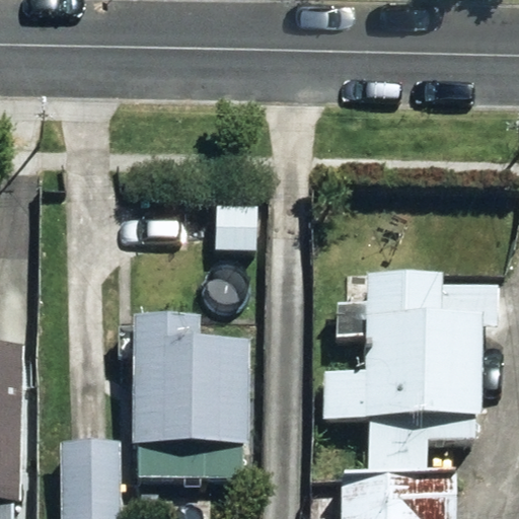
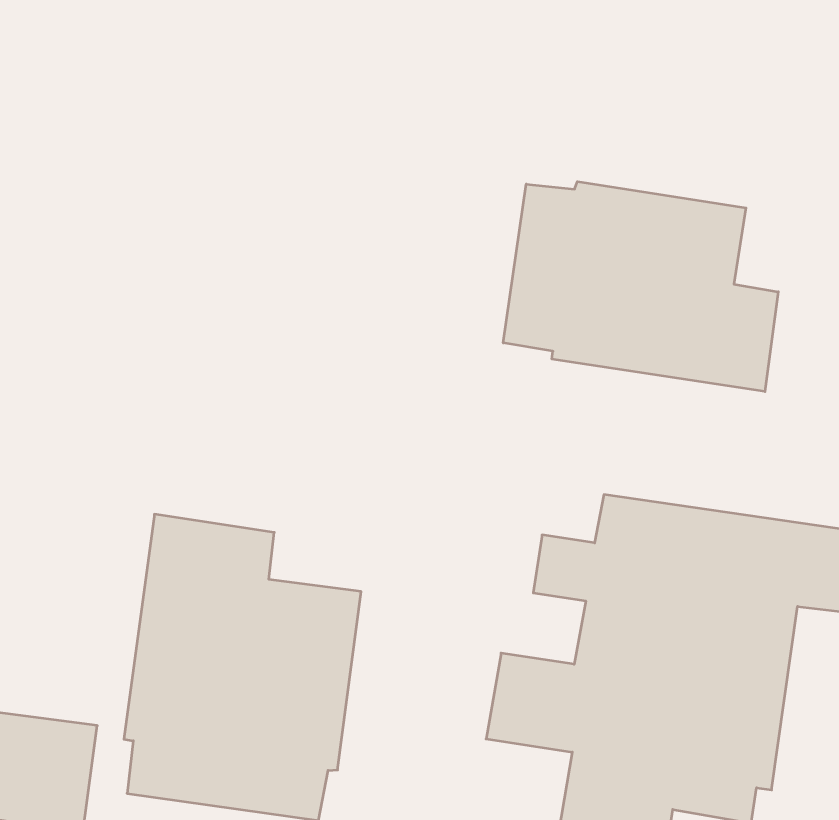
building: none -> [503,182,778,392]

